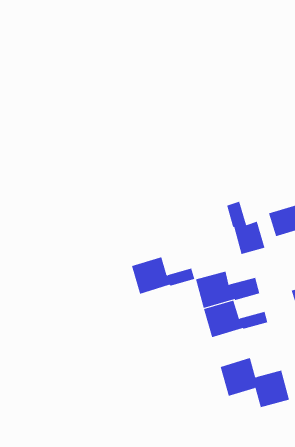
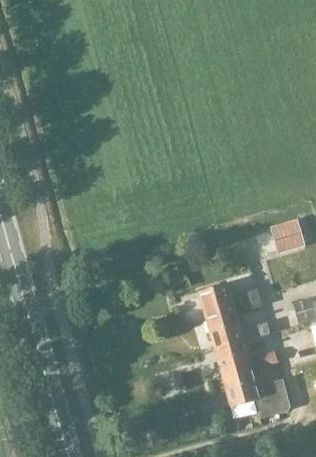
building: [227,201,265,255] -> none
building: [131,256,195,295] -> [216,340,278,378]

